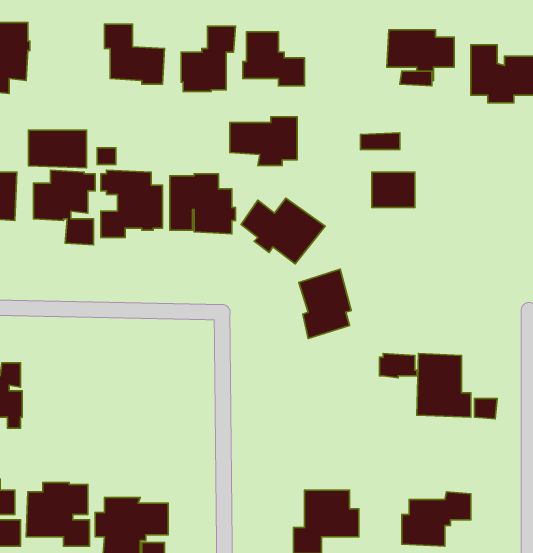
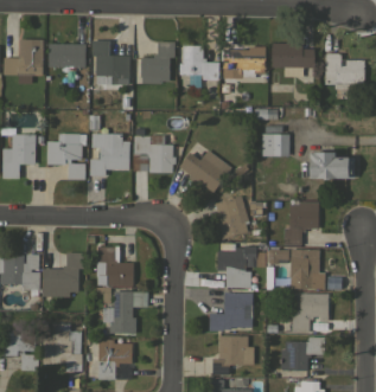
building: [230,117,297,166] -> [223,46,266,77]
building: [29,130,87,168] -> [49,44,85,68]
building: none -> [310,152,355,180]
building: none -> [285,203,319,245]
building: none -> [217,243,257,288]
building: none -> [97,246,134,285]
building: none -> [50,252,84,297]
building: none -> [103,291,148,334]
building: none -> [210,293,253,330]
building: none -> [292,293,329,333]

